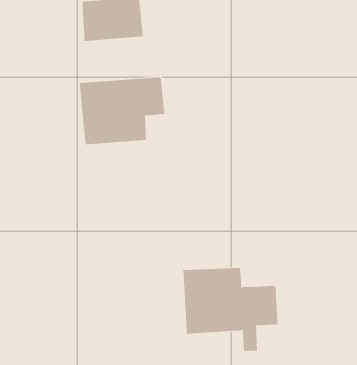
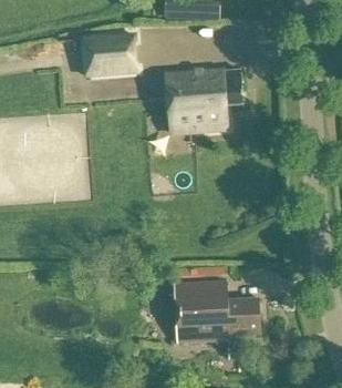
building: [79,77,165,145] -> [166,70,245,132]

